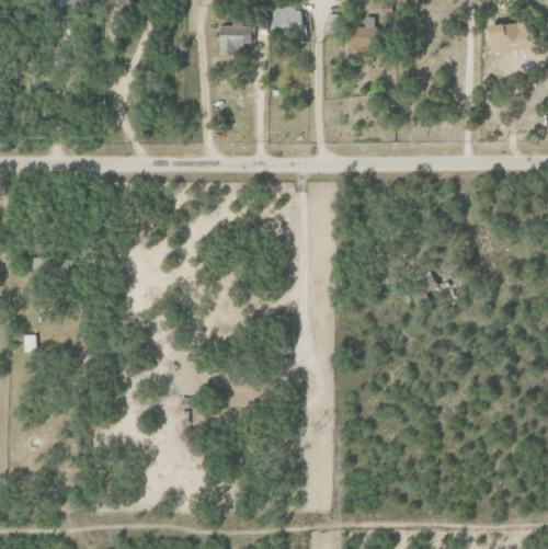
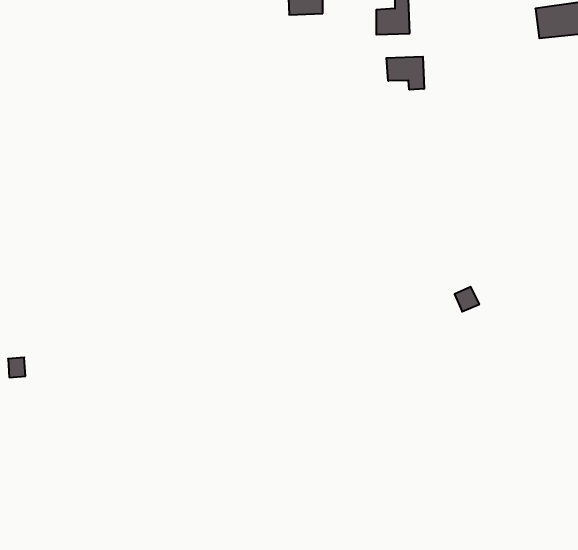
building: [220,26,252,53] -> none
building: none -> [386,57,424,90]

